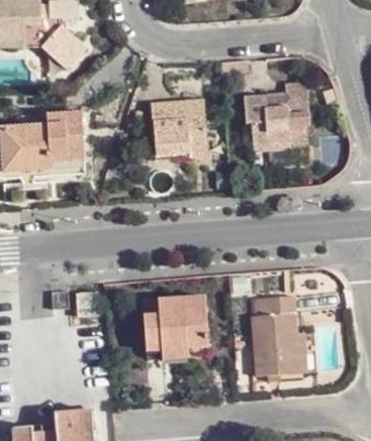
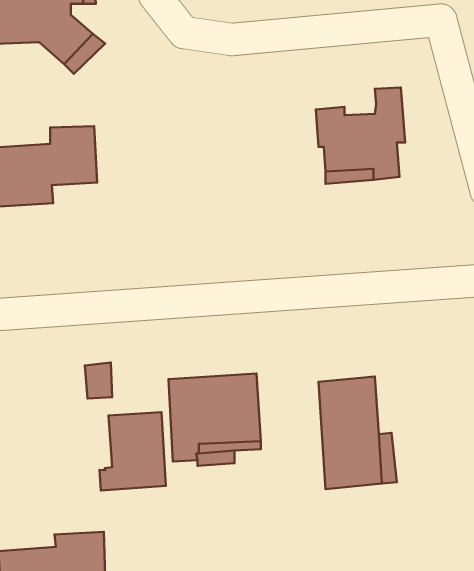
building: [154,102,211,161] -> none
building: none -> [100,412,166,491]

